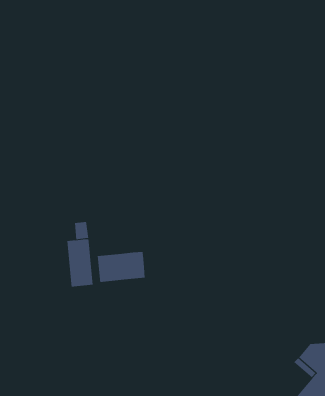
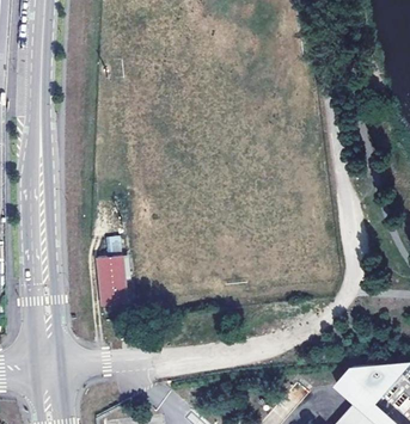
building: [97,251,145,283] -> none

